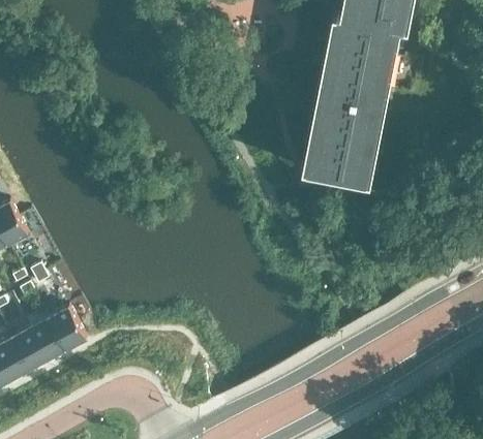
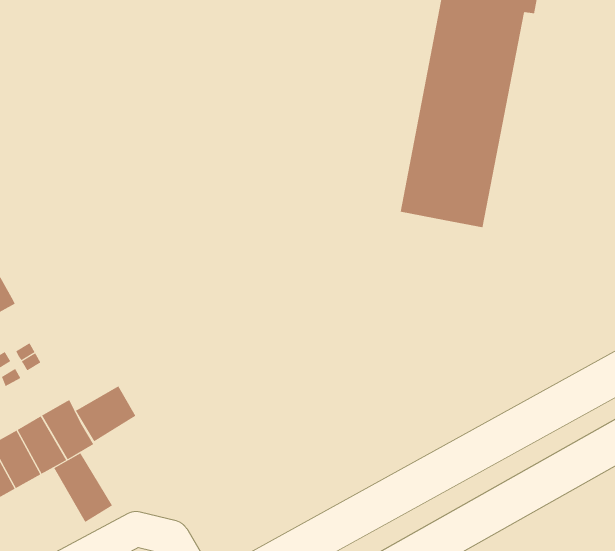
building: none -> [75,385,136,442]
building: none -> [53,452,113,523]

